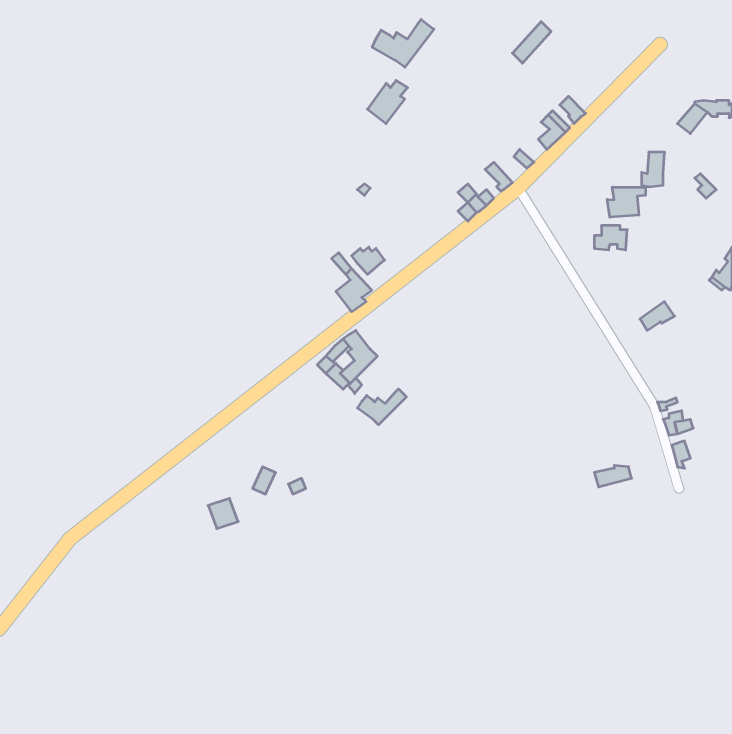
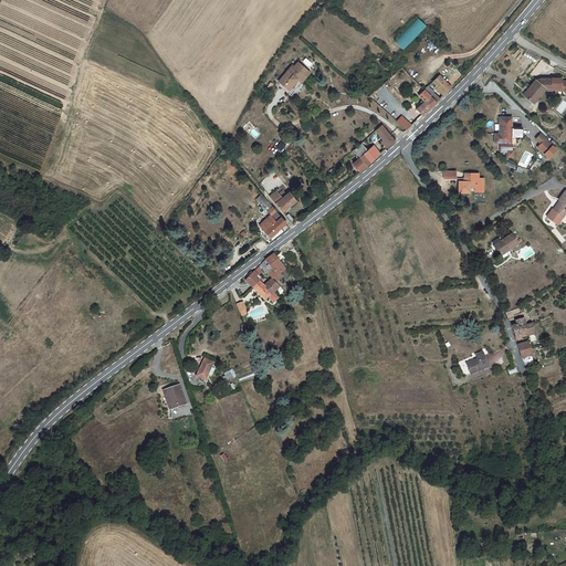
building: [372,19,434,67] -> none
building: [607,187,646,217] -> none
building: [357,389,406,425] -> none

